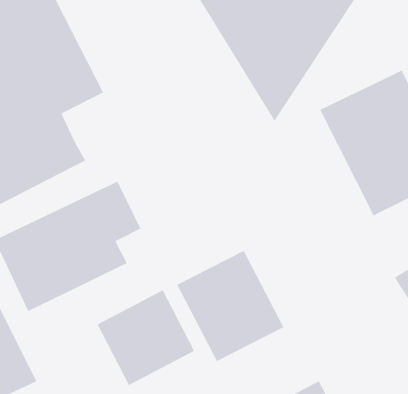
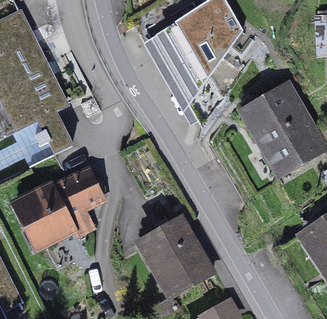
building: [96,289,195,386] -> none

